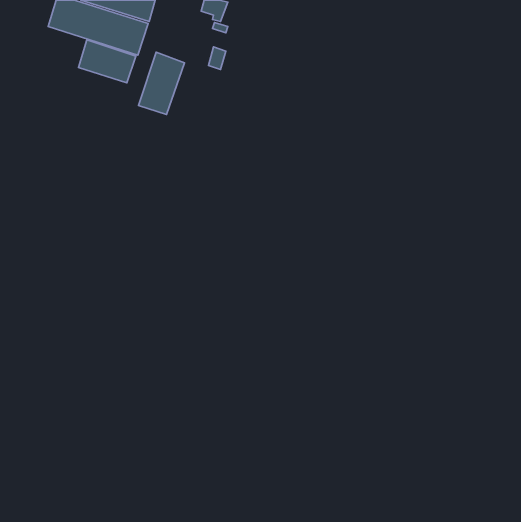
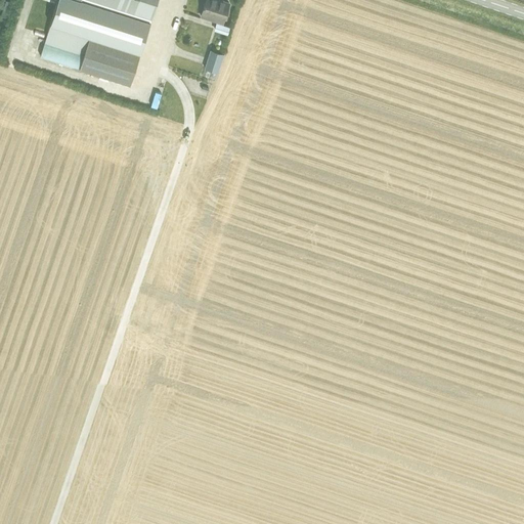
building: none -> [42,28,86,68]
building: [139,52,184,114] -> none

